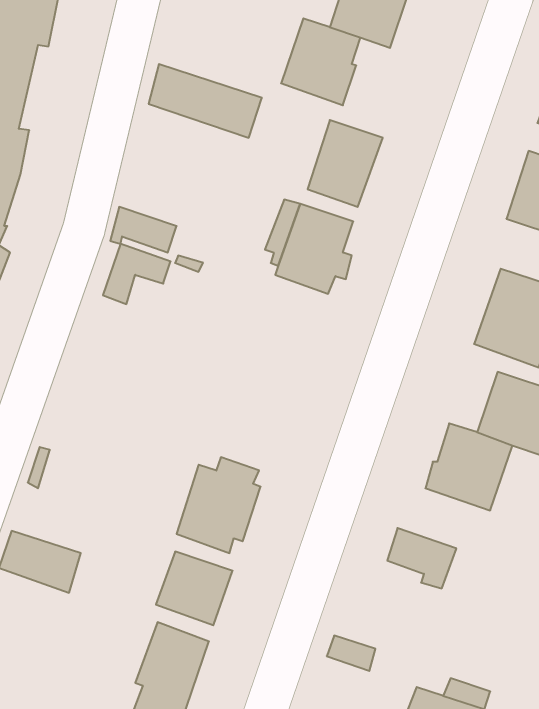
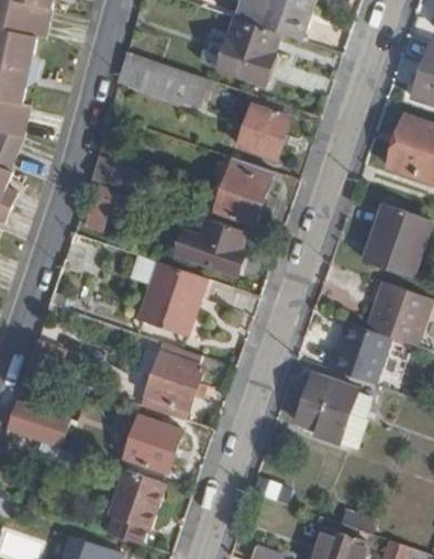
building: none -> [173,218,245,278]
building: none -> [135,261,205,335]
building: none -> [304,376,369,418]

